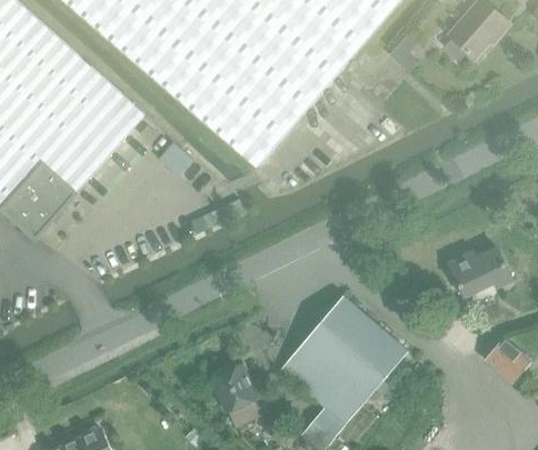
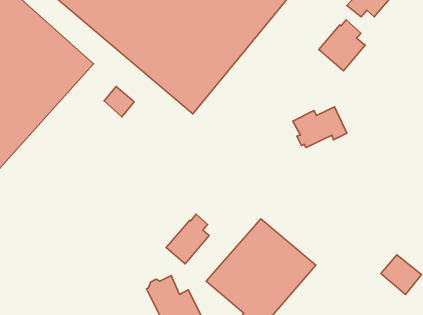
building: none -> [319,20,365,71]
building: [449,247,512,294] -> [293,107,347,147]
building: none -> [166,214,209,264]

